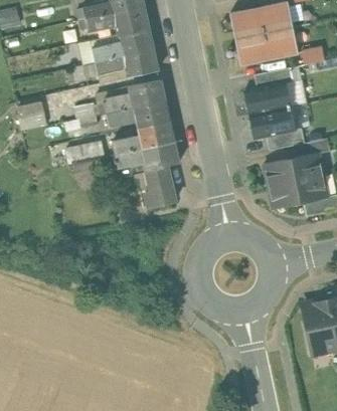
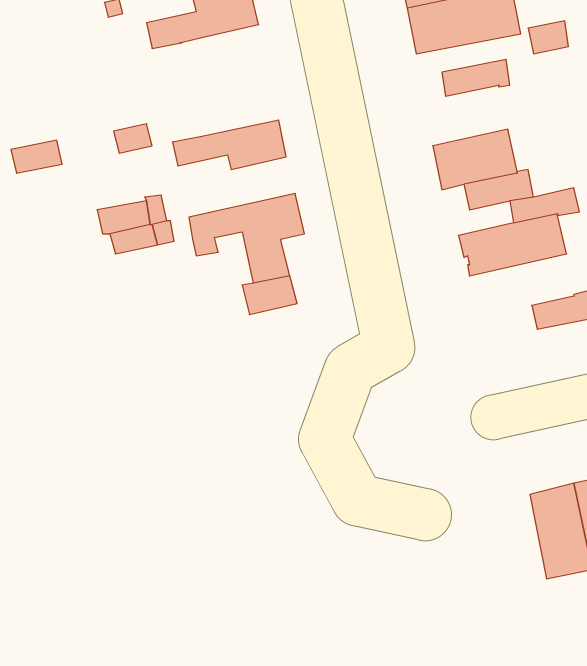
building: [96,48,158,76] -> none
building: [97,79,165,114] -> none
building: [244,81,291,115] -> none
building: [113,121,174,154] -> none
building: [270,174,327,208] -> none

